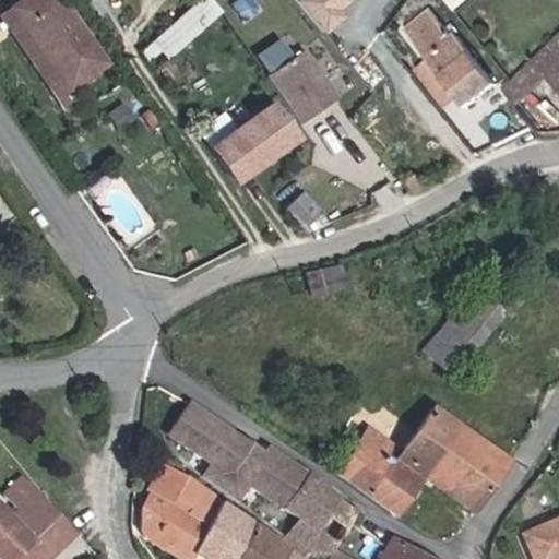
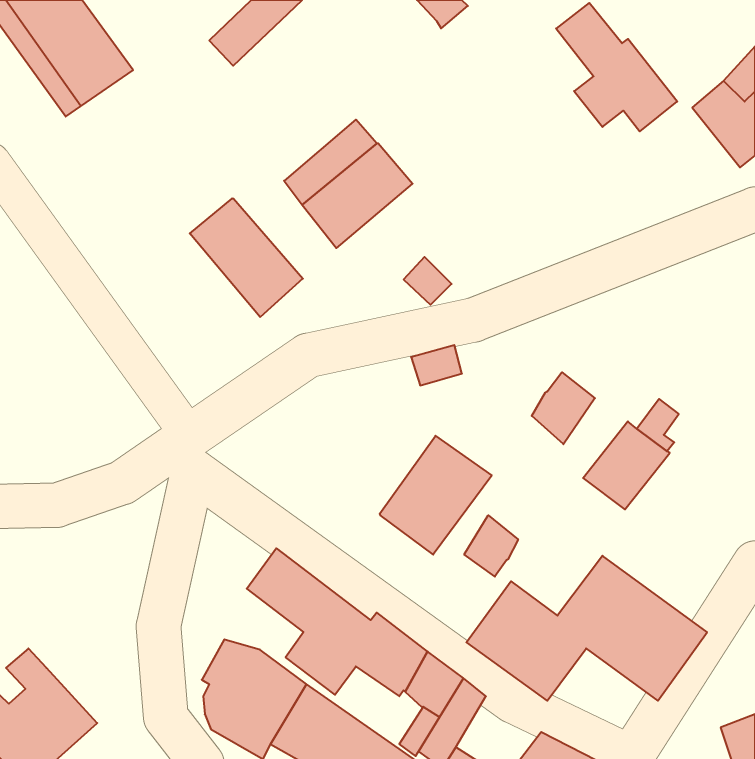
building: [264,39,338,122] -> none
building: none -> [190,198,303,317]
building: none -> [532,372,595,444]
building: none -> [380,436,492,555]
building: none -> [464,515,518,577]

